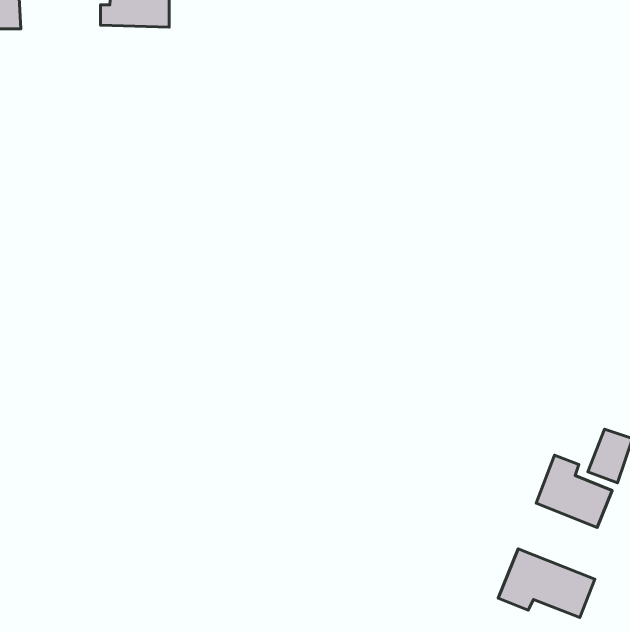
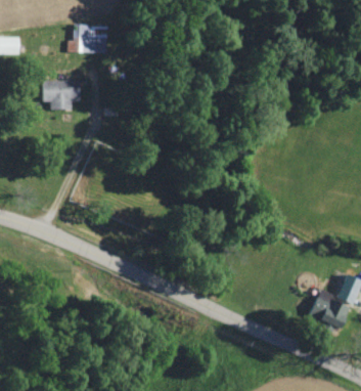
building: none -> [42,80,79,108]
building: [498,549,595,617] -> none

